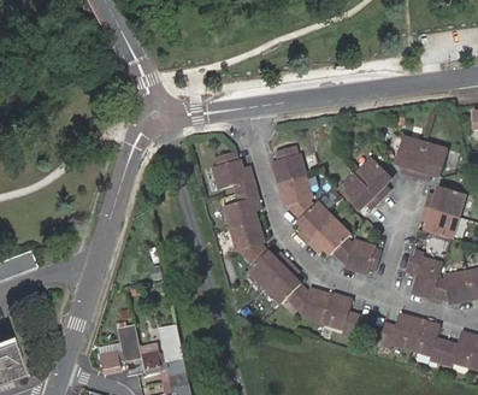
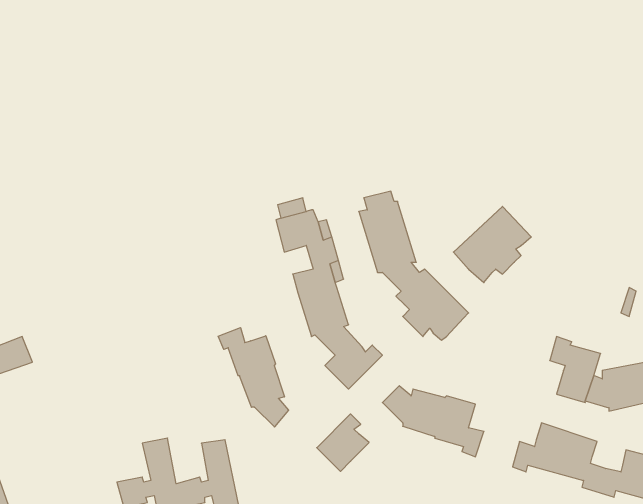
building: [395,136,449,179] -> none
building: [424,185,467,240] -> none
building: [335,238,382,275] -> none
building: none -> [218,328,289,427]
building: [265,265,302,306] -> [317,414,369,471]

